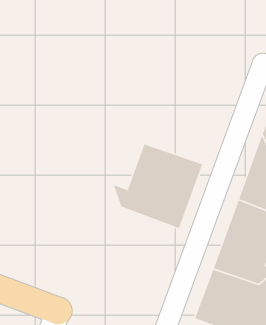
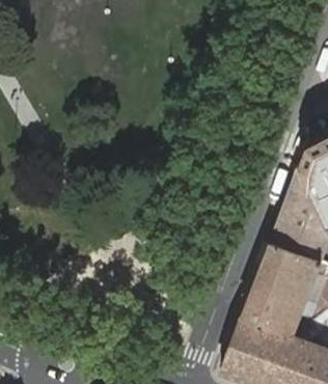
building: [113,144,203,229] -> none

